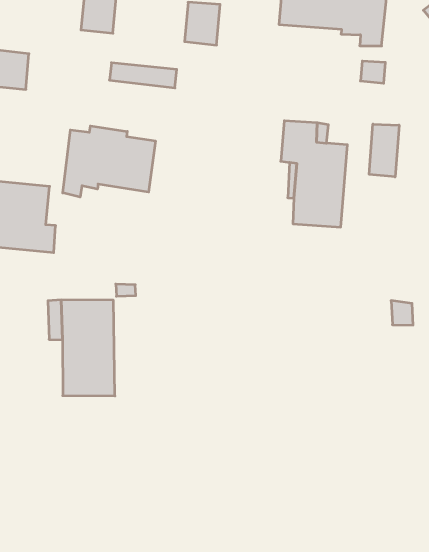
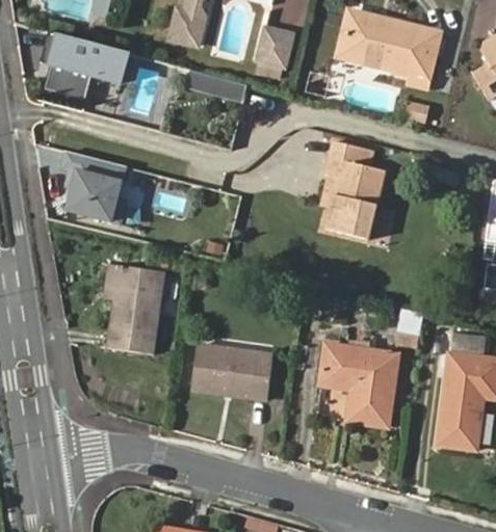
building: [369,124,399,177] -> none
building: [63,126,155,197] -> none
building: none -> [324,348,396,423]
building: none -> [191,345,259,397]

